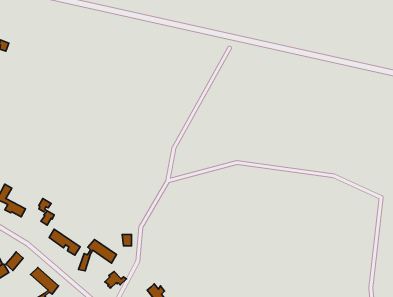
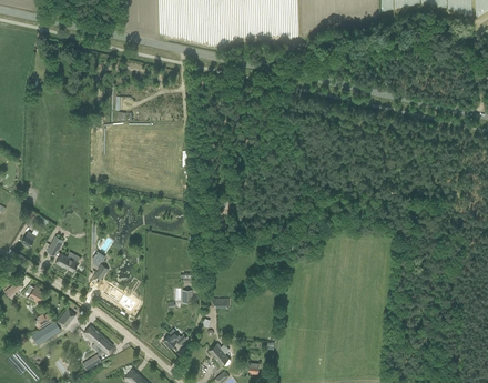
building: [79,239,117,271] -> none

